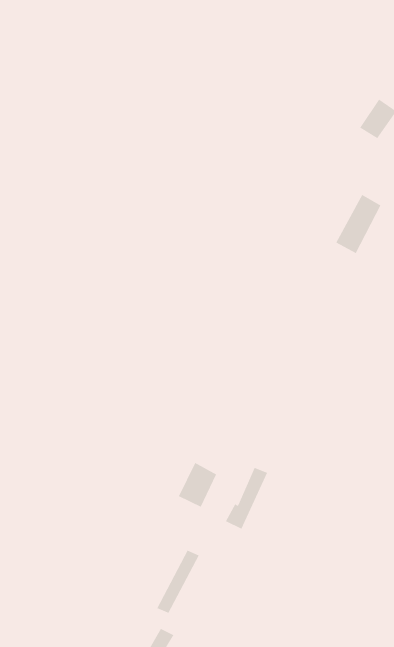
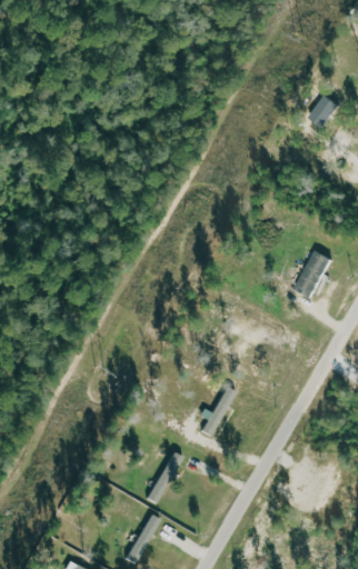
building: [335,194,382,254] -> [294,250,330,298]
building: [178,462,217,508] -> none

